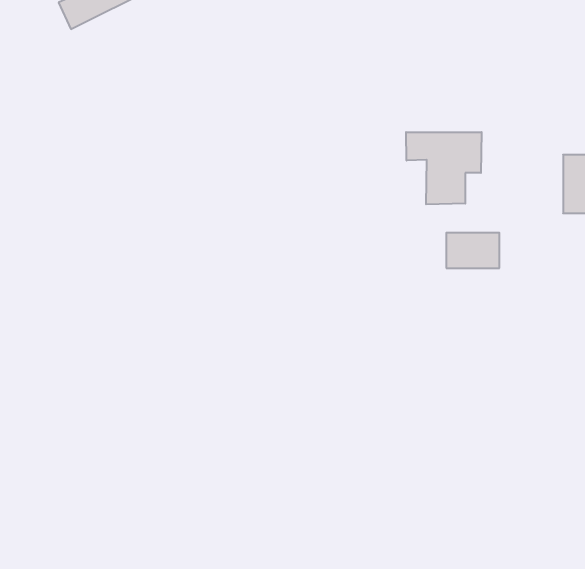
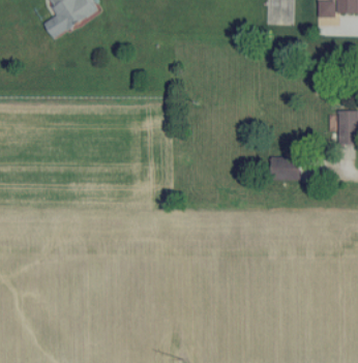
building: [406,132,482,204] -> none

